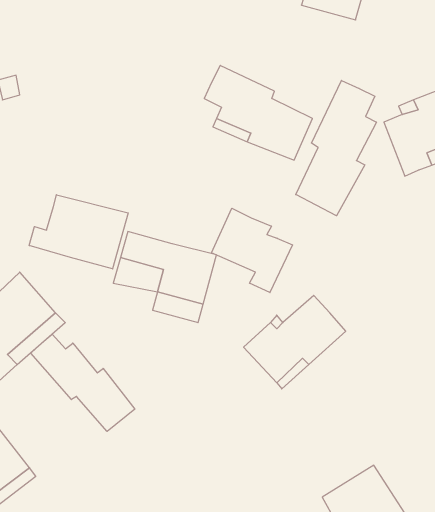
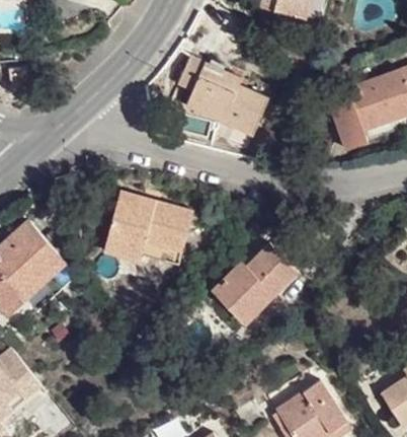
building: [296,80,376,216] -> none
building: [29,195,128,269] -> none
building: [212,208,293,293] -> none
building: [31,334,135,431] -> none

